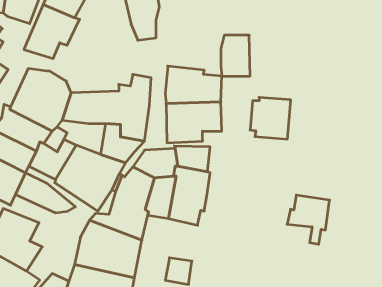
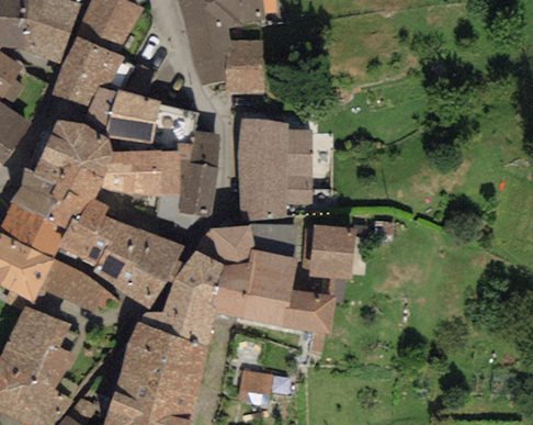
building: [221,35,250,76] -> [225,40,263,93]
building: none -> [81,87,197,153]
building: [250,97,291,139] -> [302,225,355,280]
building: [287,195,330,244] -> [280,289,336,354]

